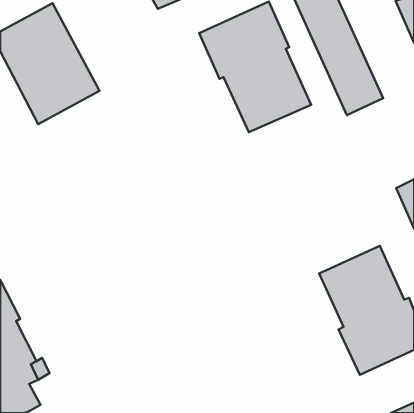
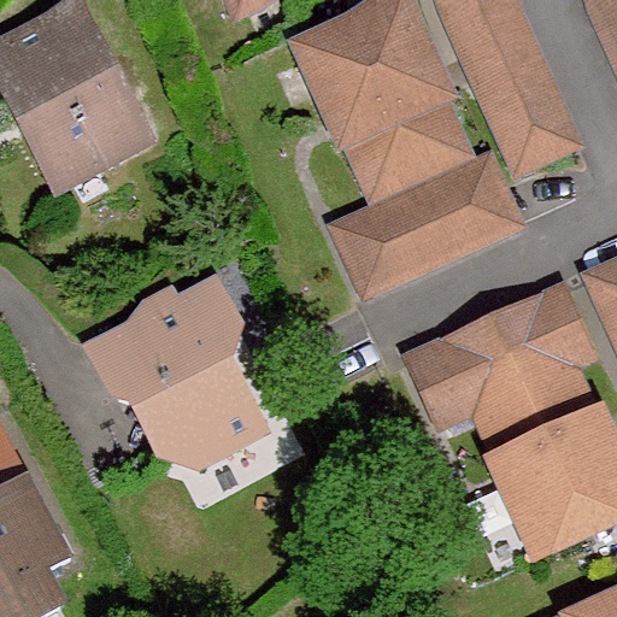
building: none -> [336,164,512,293]
building: none -> [96,286,271,465]
building: none -> [410,294,587,424]

